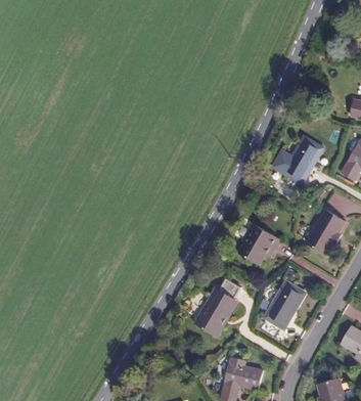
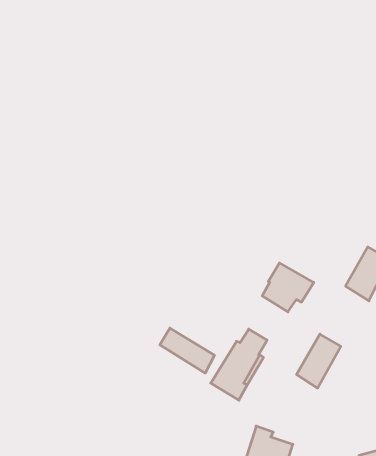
building: [281,136,319,182] -> none
building: none -> [160,328,214,373]

